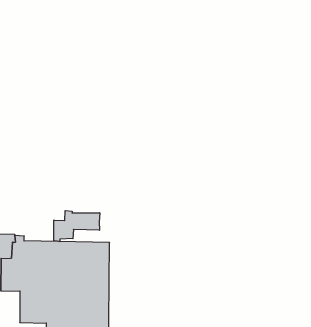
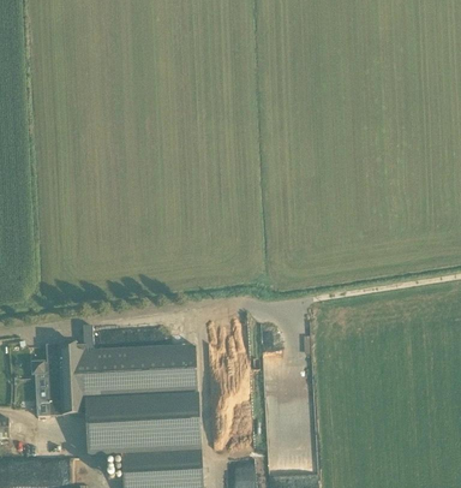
building: [54,211,100,242] -> none

